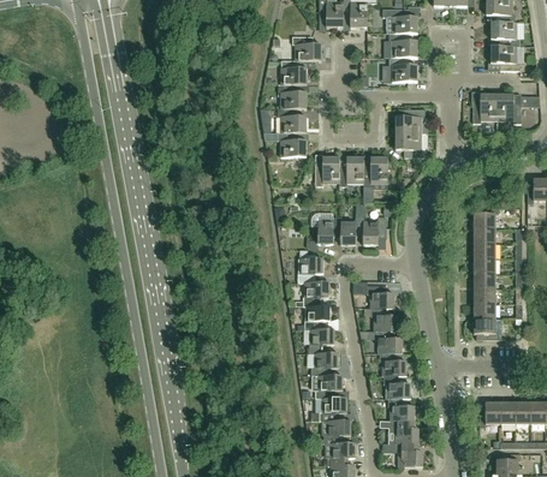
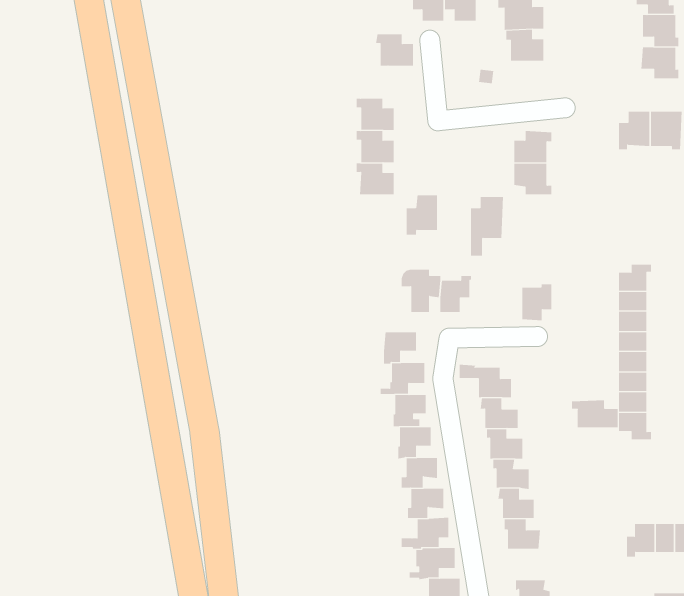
building: [390,56,418,81] -> none
building: [281,60,307,84] -> none
building: [339,156,363,186] -> none
building: [363,217,386,245] -> [522,284,552,321]
building: none -> [572,400,618,428]
building: [392,421,420,443] -> none

